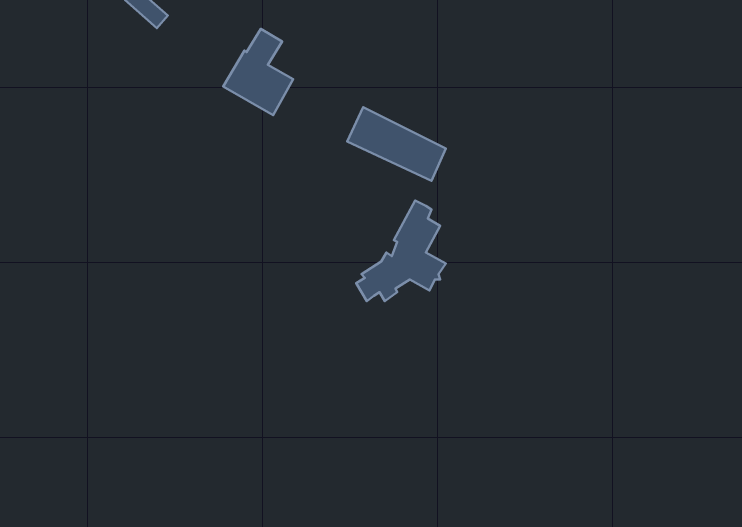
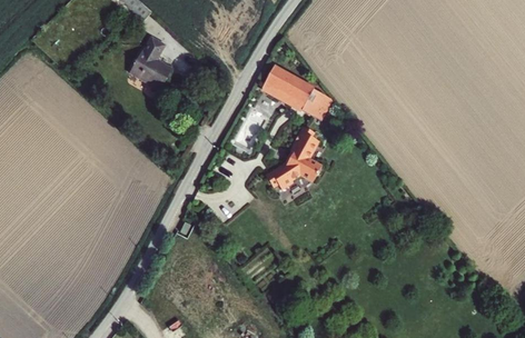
building: [223,29,293,115] -> [126,38,169,91]

